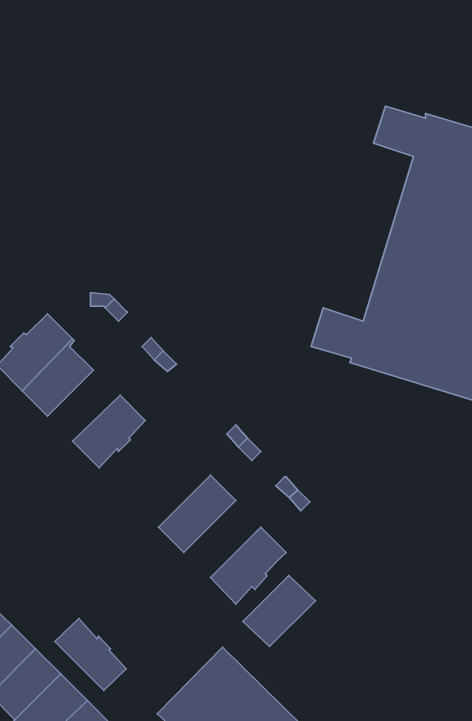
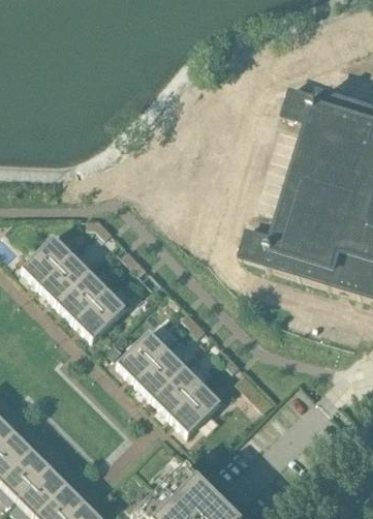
building: none -> [58,272,108,322]
building: none -> [118,328,172,381]
building: [243,575,316,647] -> [153,367,204,417]
building: [55,619,126,690] -> none

